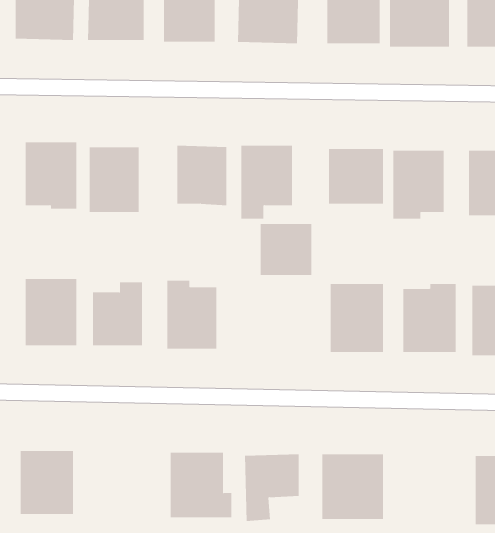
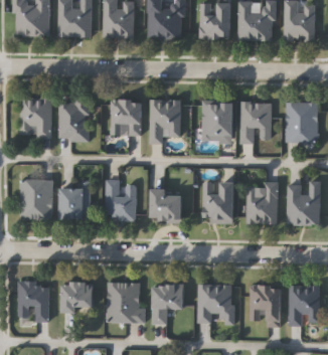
building: [260,223,312,276] -> [151,190,182,221]
building: none -> [62,282,94,312]
building: none -> [249,285,282,326]

